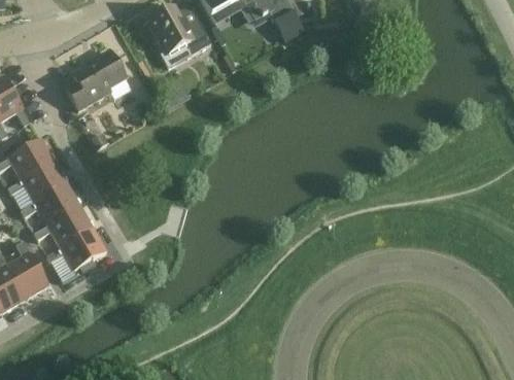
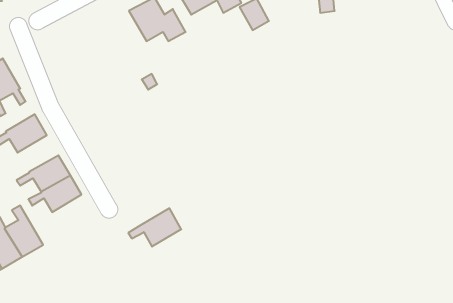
building: [64,50,126,112] -> none
building: [7,161,67,202] -> none
building: [46,228,106,271] -> [128,208,181,247]

